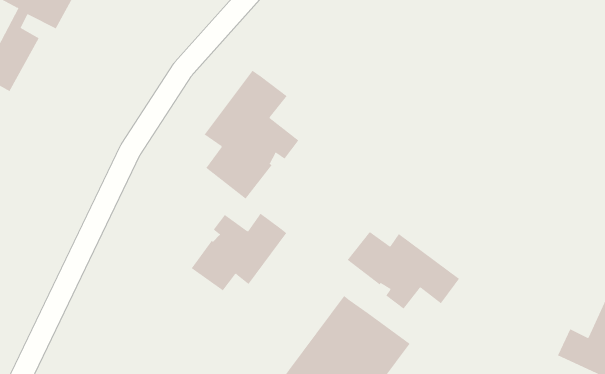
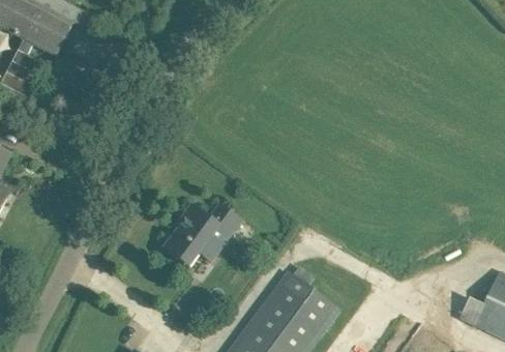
building: [204,70,299,200] -> none
building: [347,231,460,309] -> none

